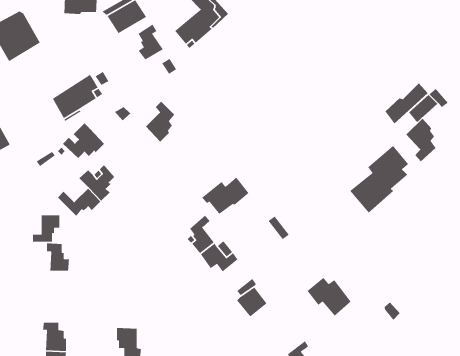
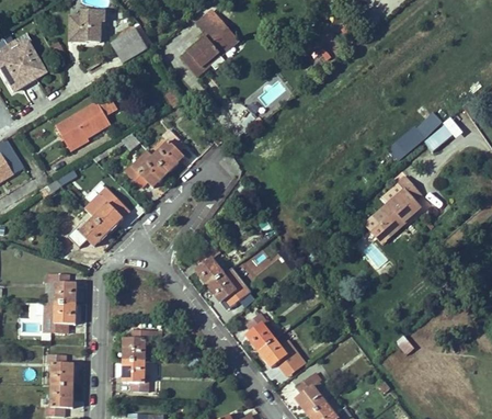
building: [138,23,164,60] -> none
building: [406,118,437,162] -> none
building: [62,122,105,159] -> [124,150,168,188]
building: [201,176,250,215] -> none
building: [32,215,60,242] -> [46,304,75,332]
building: [306,277,352,317] -> [260,337,306,377]
building: none -> [123,330,161,362]

